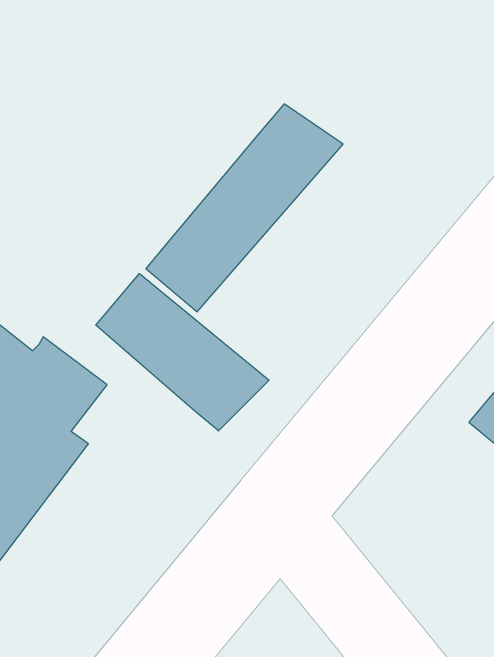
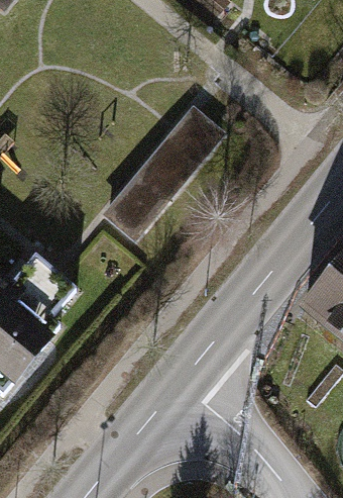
building: [96,274,269,431] -> none

